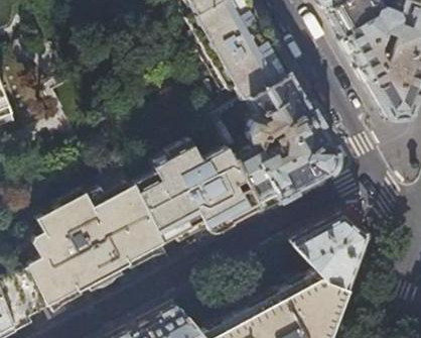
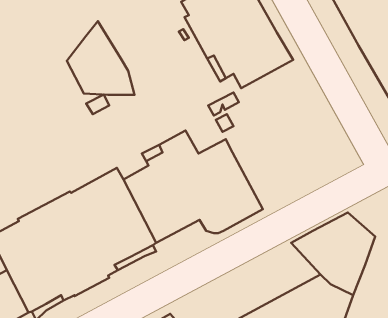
building: none -> [67,21,135,95]
building: [236,71,338,209] -> none

